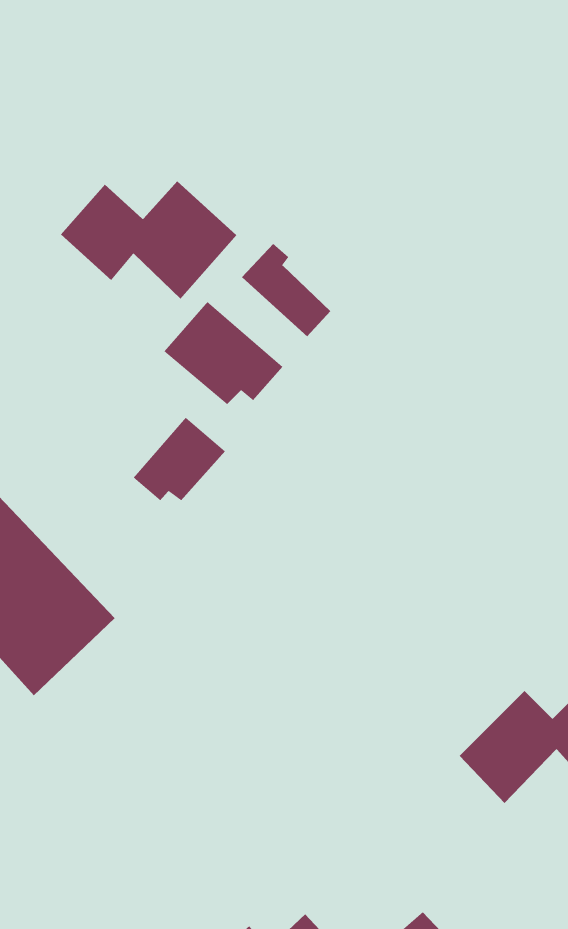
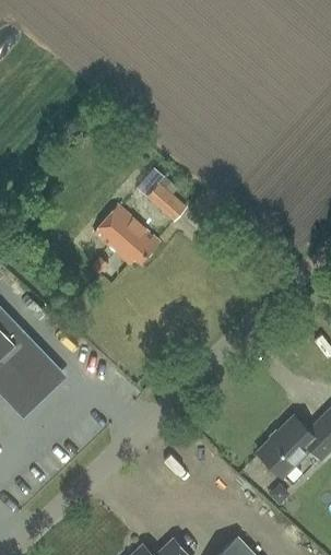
building: [60,181,237,299] -> none
building: [133,417,226,501] -> none

